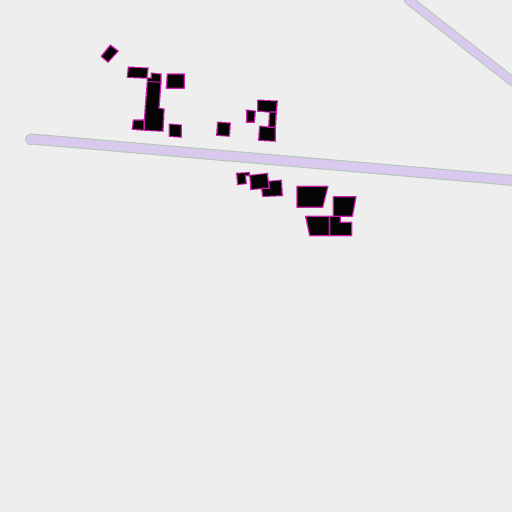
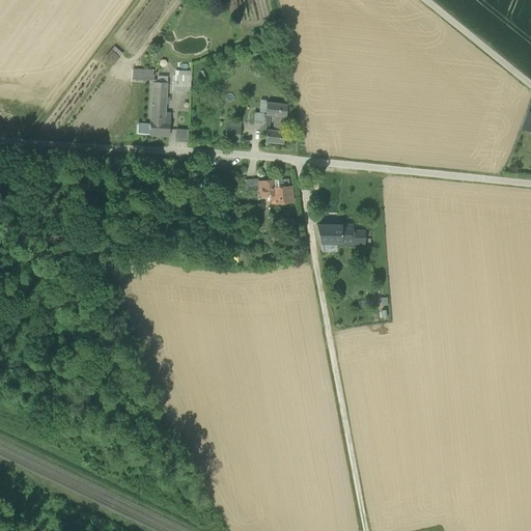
building: [297,186,328,208] -> none
building: [333,197,356,216] -> none

